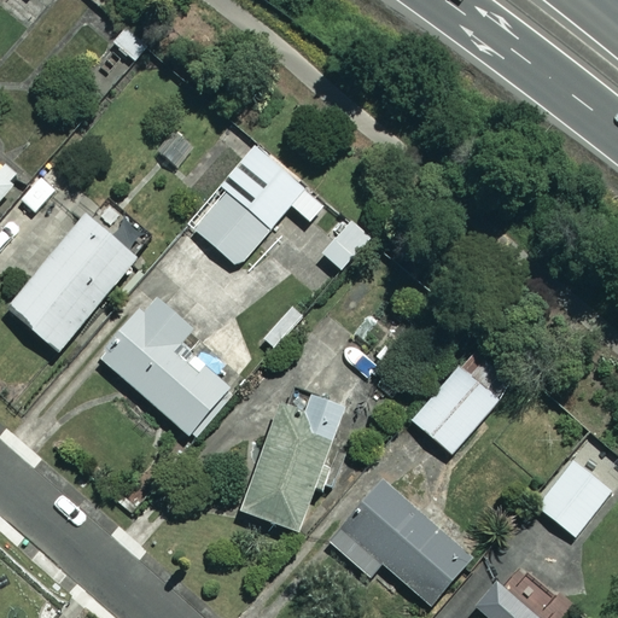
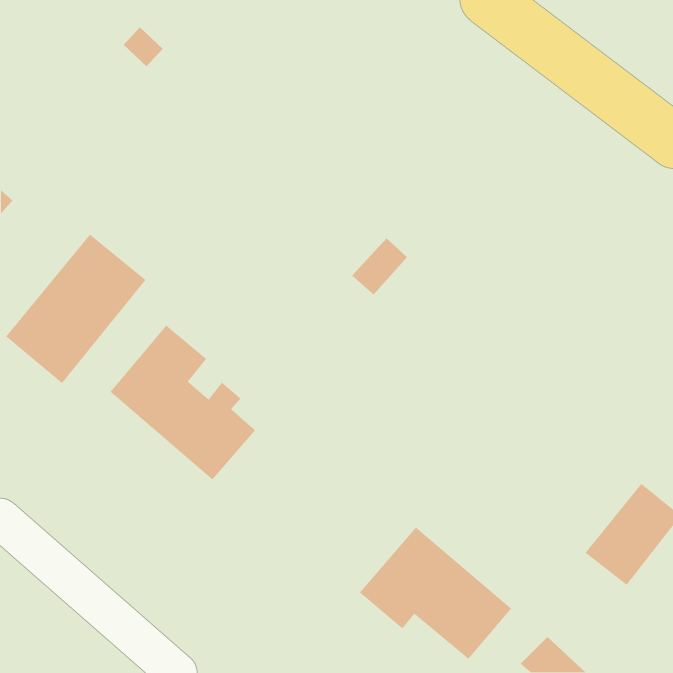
building: [193,147,322,266] -> none
building: [412,363,500,454] -> none
building: [239,393,344,531] -> none

